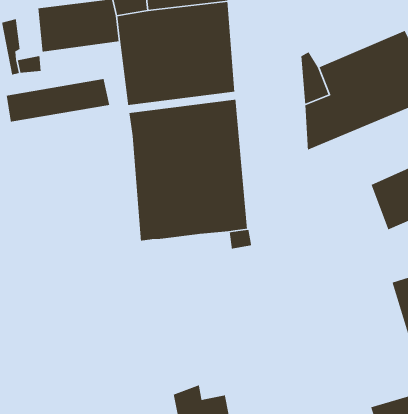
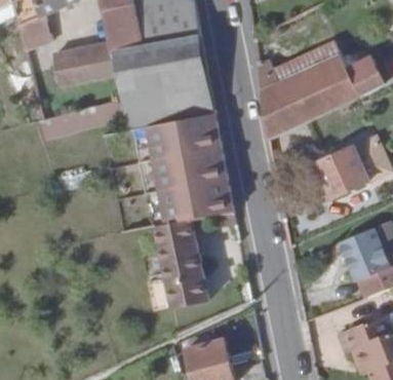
building: none -> [152,216,207,305]

